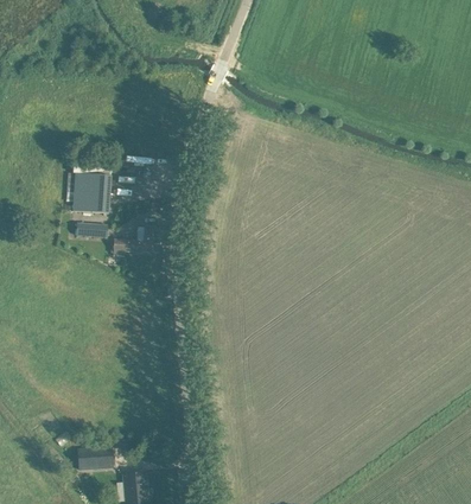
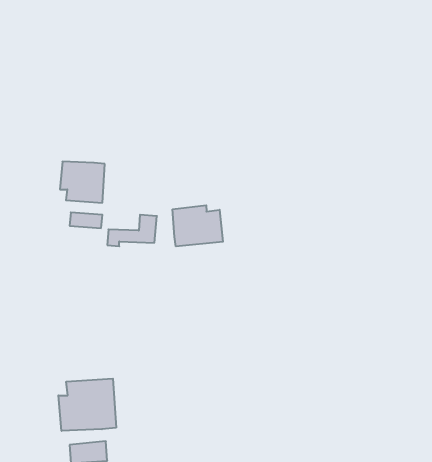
building: none -> [173,205,223,246]
building: none -> [58,379,116,431]

